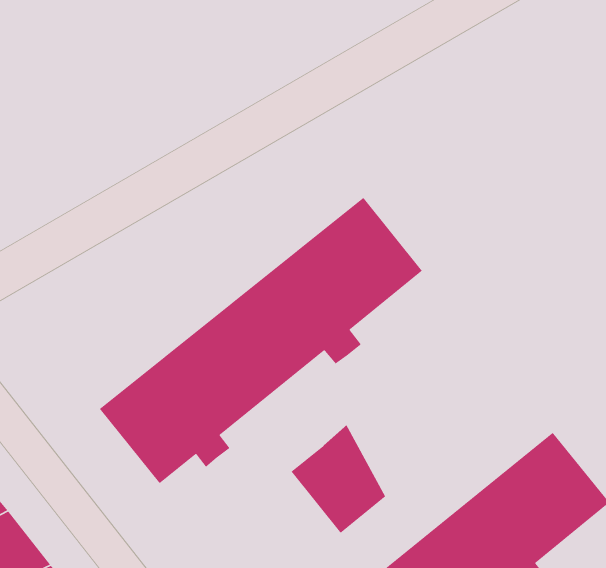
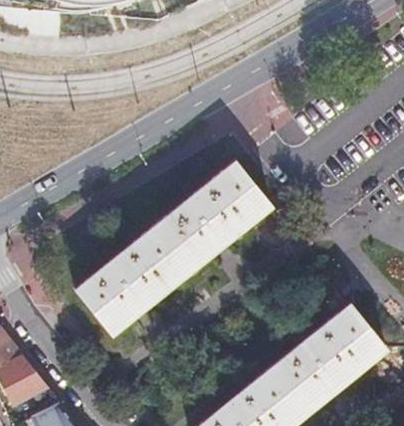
building: [290,424,386,534] -> none

